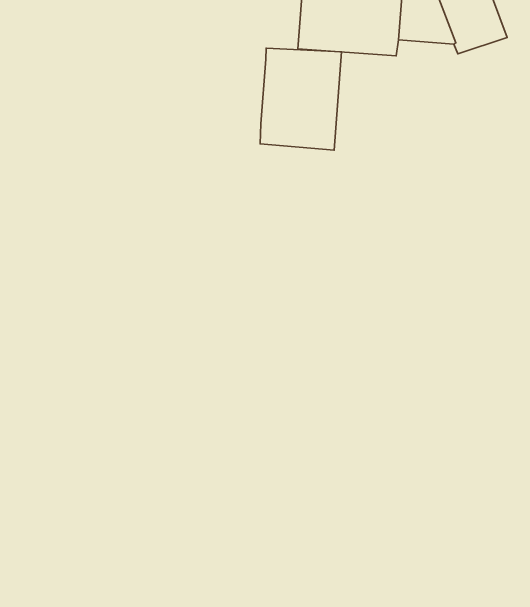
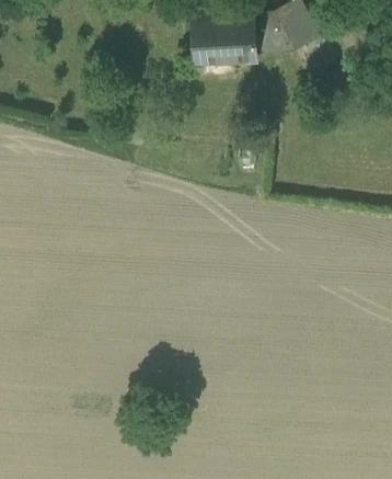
building: [260,48,341,150] -> none

